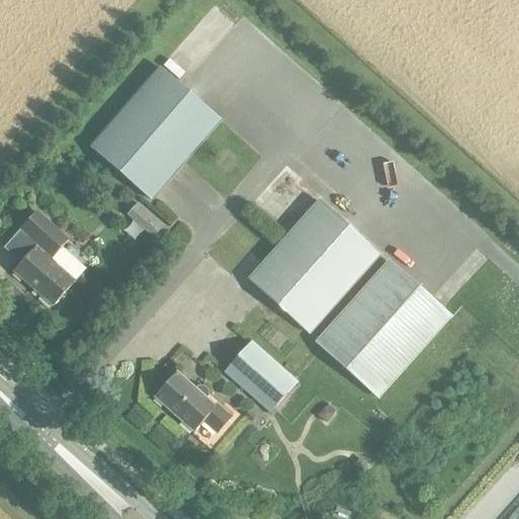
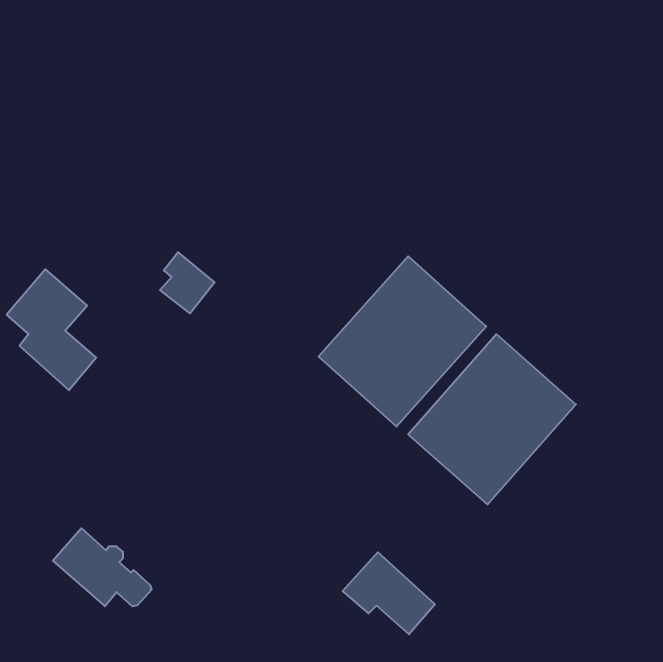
building: [90,66,221,199] -> none
building: [224,341,296,404] -> [343,552,435,634]
building: [154,369,231,430] -> [53,528,152,606]

